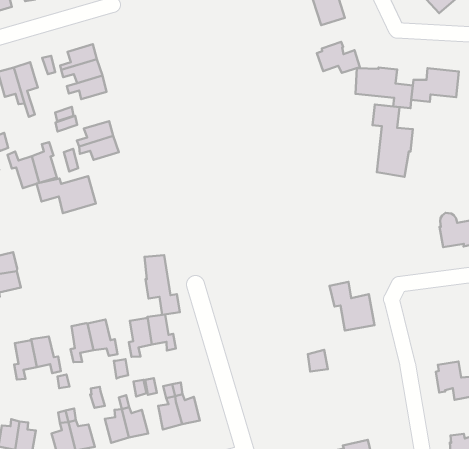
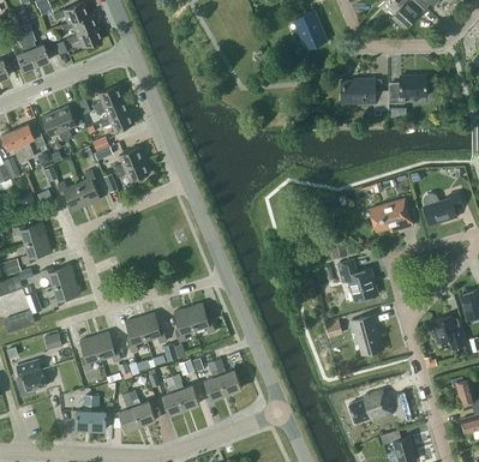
building: [317,42,360,73] -> none
building: [373,105,413,177] -> none
building: [37,176,96,213] -> none
building: none -> [369,199,412,233]
building: [144,255,180,315] -> none
building: none -> [349,316,382,354]

